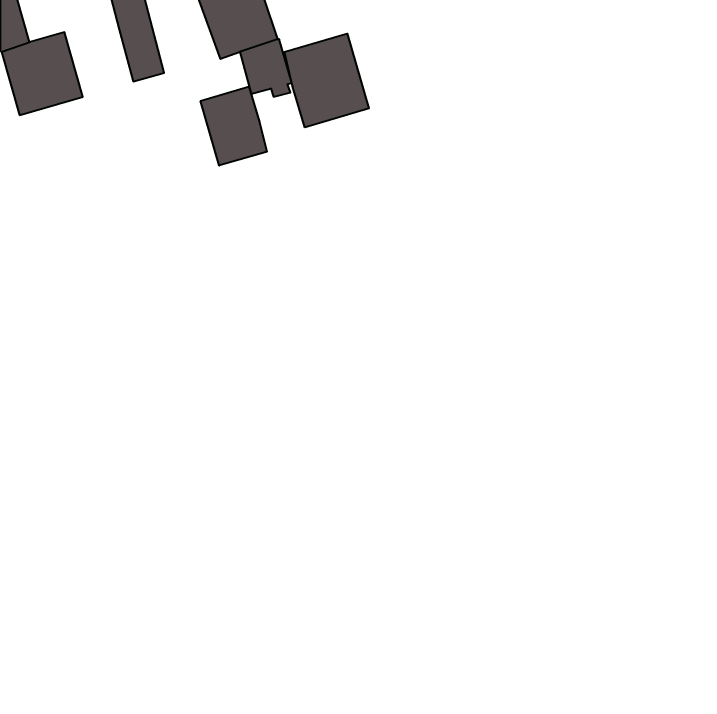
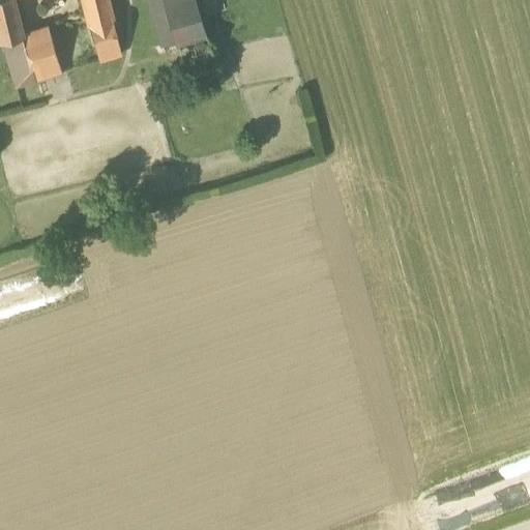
building: [284,34,369,127] -> none
building: [201,86,267,166] -> none

